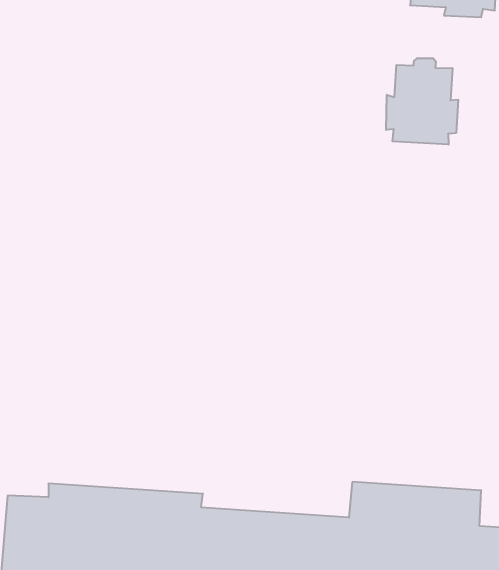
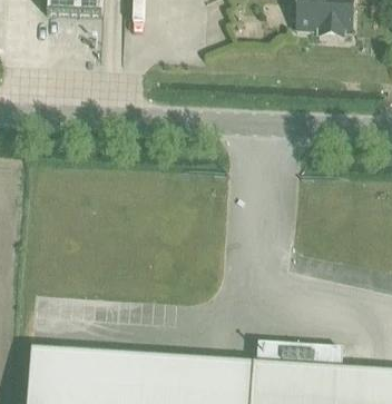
building: [386,58,458,145] -> none

